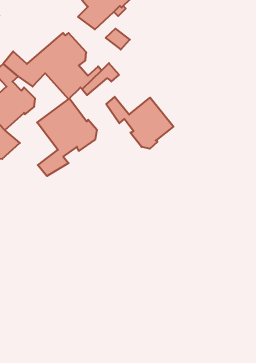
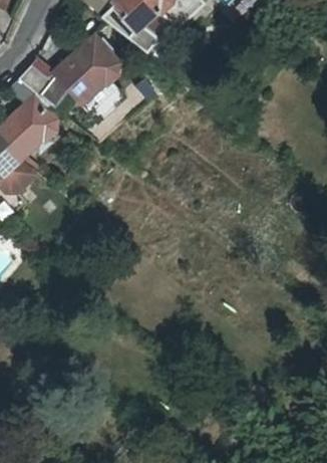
building: [106,97,173,149] -> none
building: [37,98,97,176] -> none

